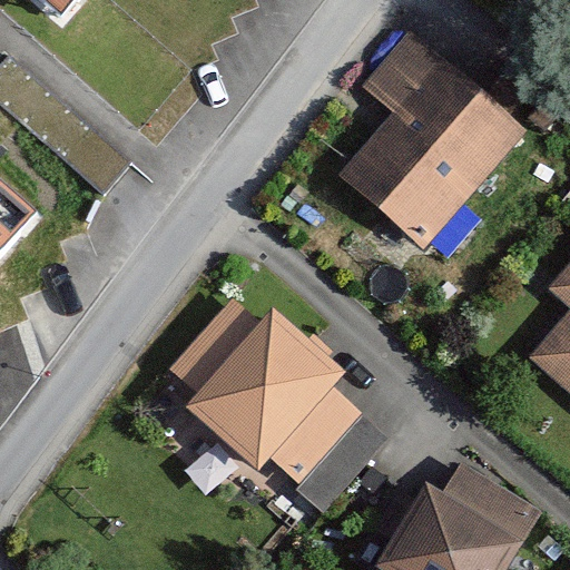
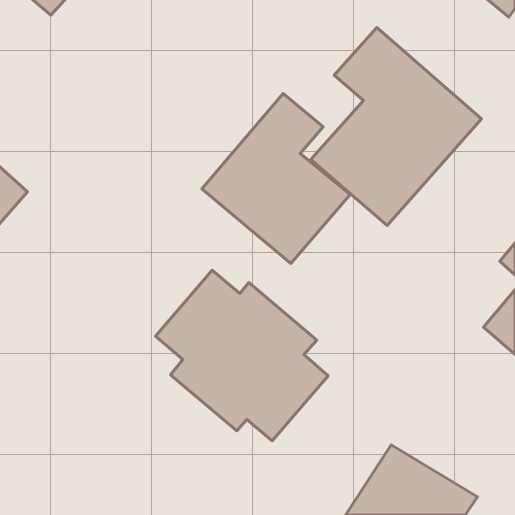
building: none -> [202,93,350,264]

